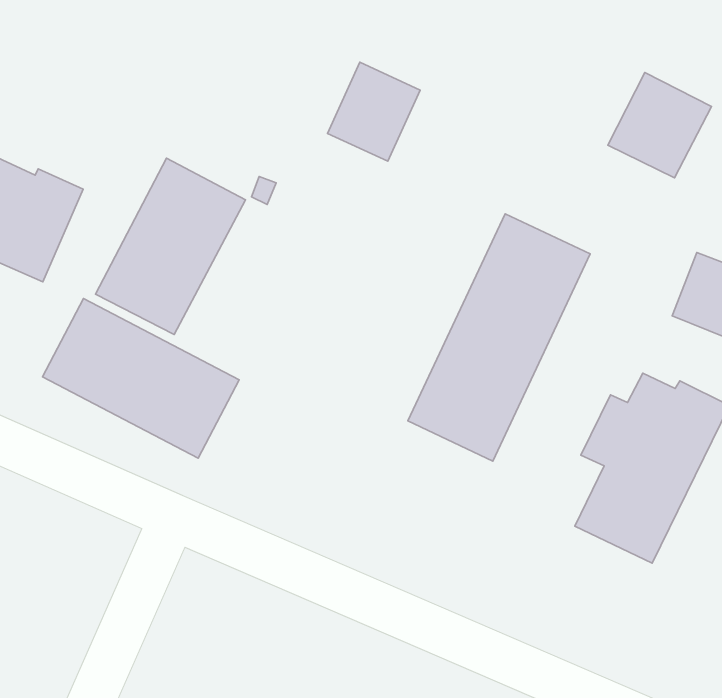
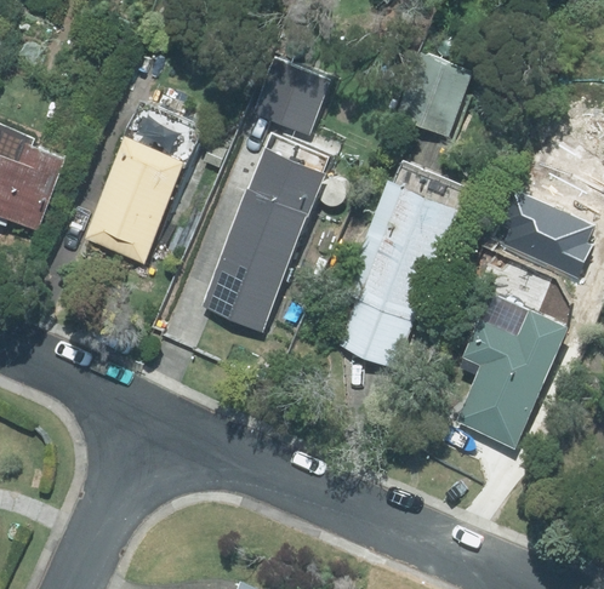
building: [608,73,711,178] -> [392,51,473,133]
building: none -> [199,142,334,331]
building: [43,299,239,458] -> none

